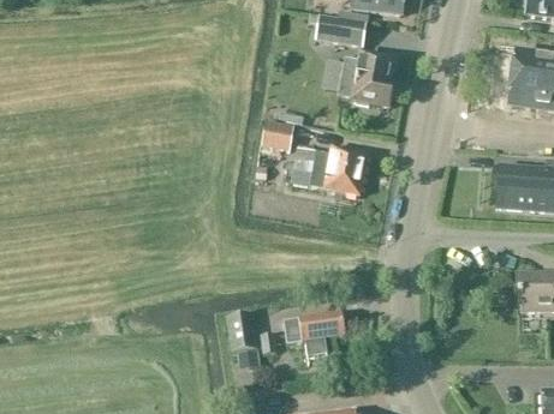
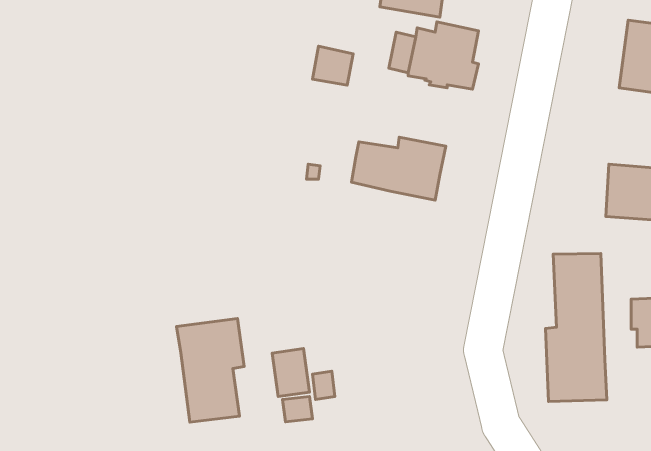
building: [263,120,296,151] -> [313,46,353,85]
building: none -> [546,254,607,402]
building: none -> [177,319,244,422]
building: [282,312,344,355] -> none

